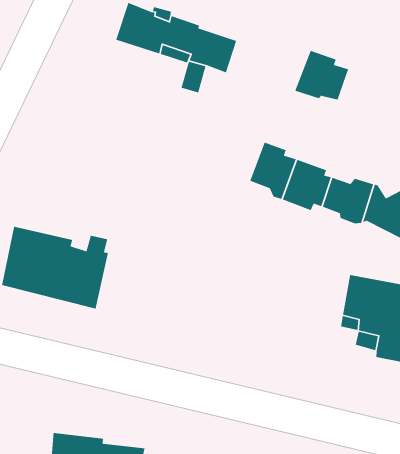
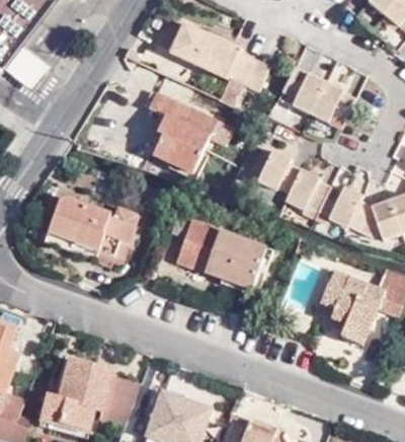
building: none -> [277,63,323,111]
building: none -> [151,90,217,169]
building: none -> [176,219,273,293]

